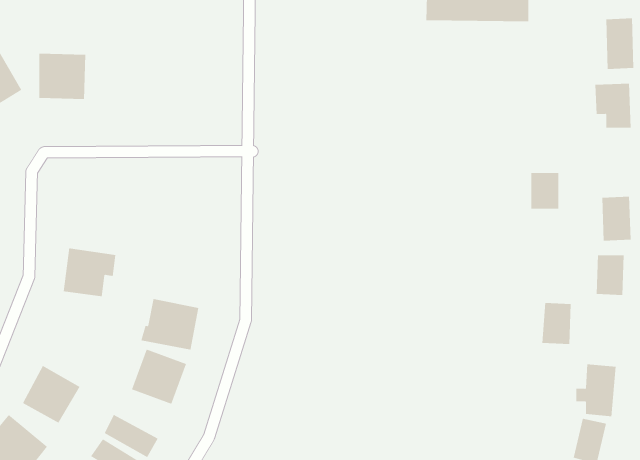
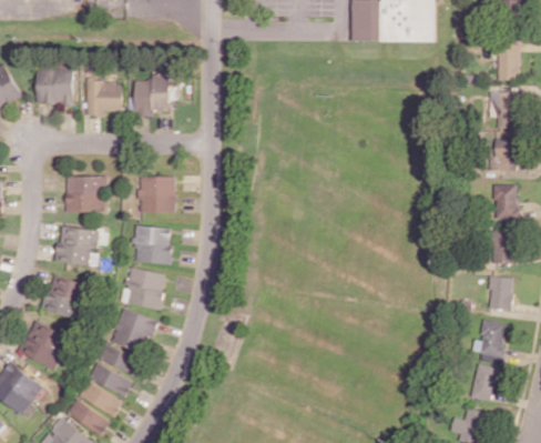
building: none -> [133,73,169,117]
building: none -> [85,82,122,117]
building: [530,172,559,209] -> [491,141,514,171]
building: none -> [137,175,175,213]
building: none -> [64,177,105,213]
building: none -> [133,226,171,264]
building: [542,302,572,345] -> [488,276,512,311]
building: none -> [43,275,80,318]
building: none -> [101,346,137,373]

